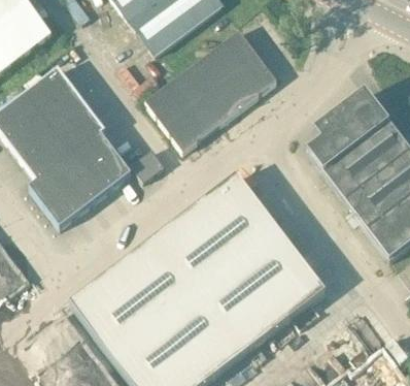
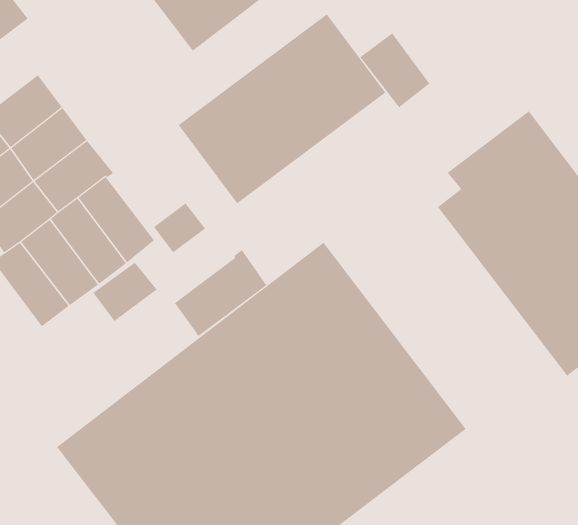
building: none -> [360,33,430,108]
building: none -> [174,249,267,337]
building: none -> [92,262,157,322]

